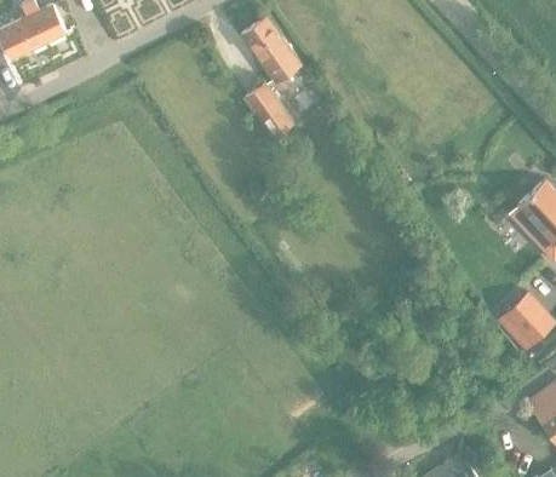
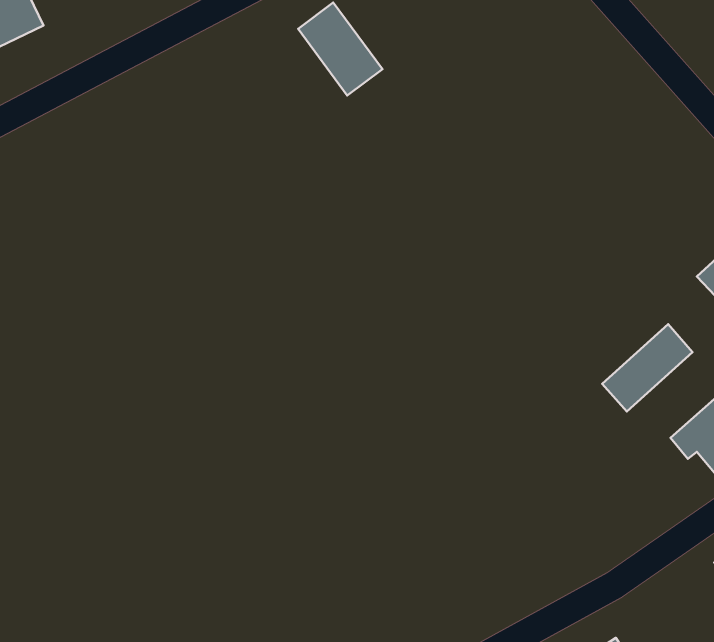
building: [245,84,292,137] -> none
building: none -> [602,324,693,412]

